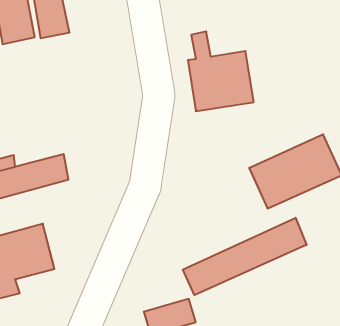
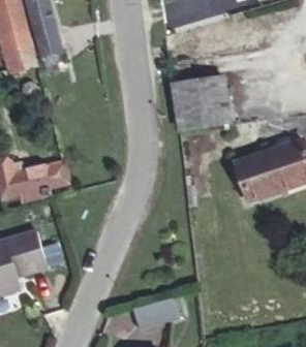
building: [183,218,307,295] -> none

